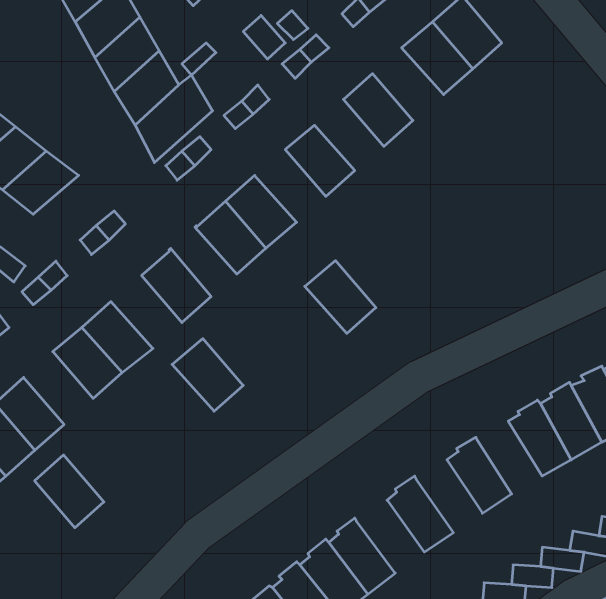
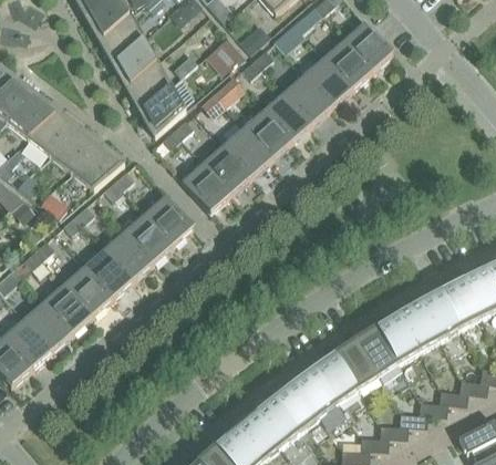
building: none -> [303,58,352,107]
building: none -> [264,93,311,142]
building: none -> [71,145,124,189]
building: [305,261,376,333] -> [223,127,271,177]
building: [172,339,243,411] -> [124,214,173,264]
building: none -> [375,311,420,363]
building: [35,455,104,528] -> [64,266,112,316]
building: none -> [333,338,379,390]
building: none -> [292,365,339,417]

